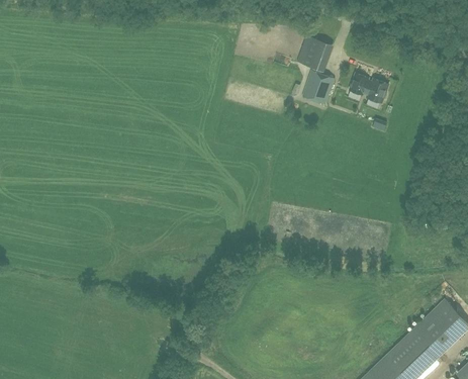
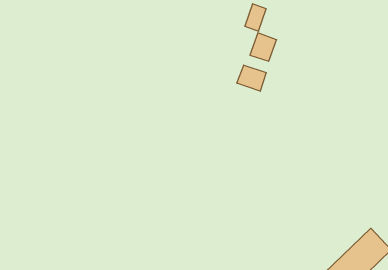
building: [350,73,388,102] -> none
building: none -> [237,65,266,91]

